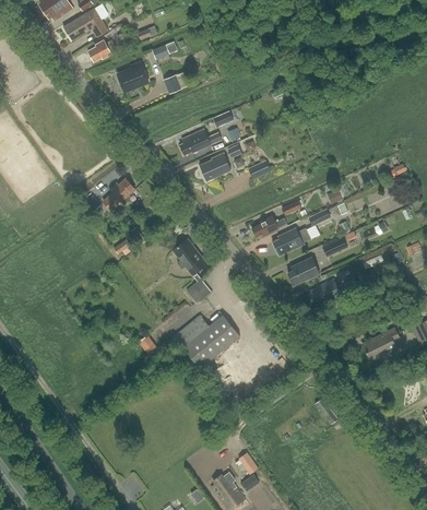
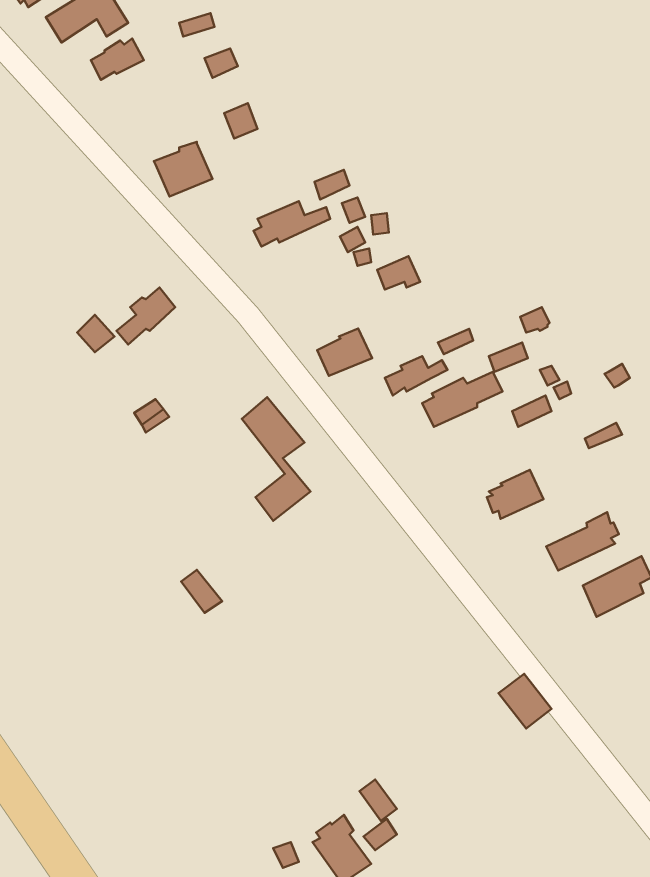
building: [117,60,150,91] -> [154,142,213,197]
building: [200,153,230,179] -> [317,329,372,376]
building: [287,256,319,284] -> none
building: none -> [546,512,619,571]
building: [174,315,240,367] -> none

